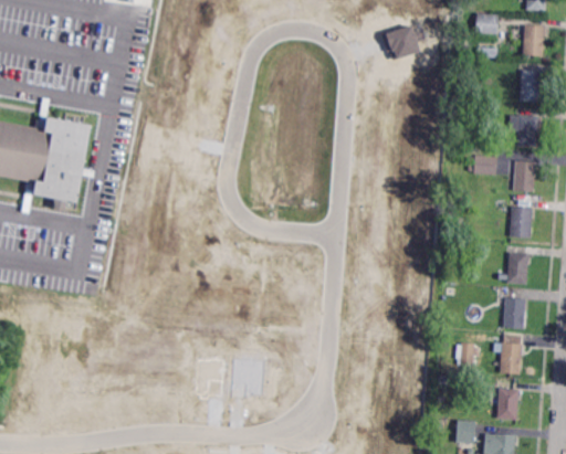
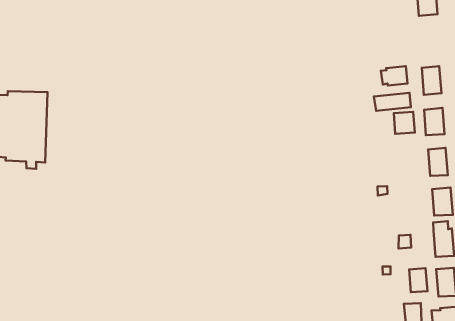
building: [507,114,538,147] -> none
building: none -> [374,93,411,111]
building: none -> [394,112,415,134]
building: none -> [409,268,427,292]

